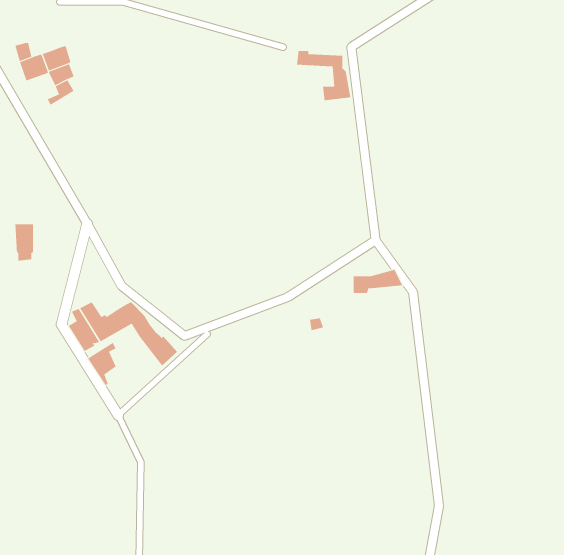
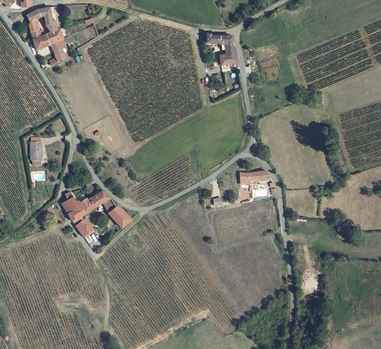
building: none -> [27,8,58,34]

